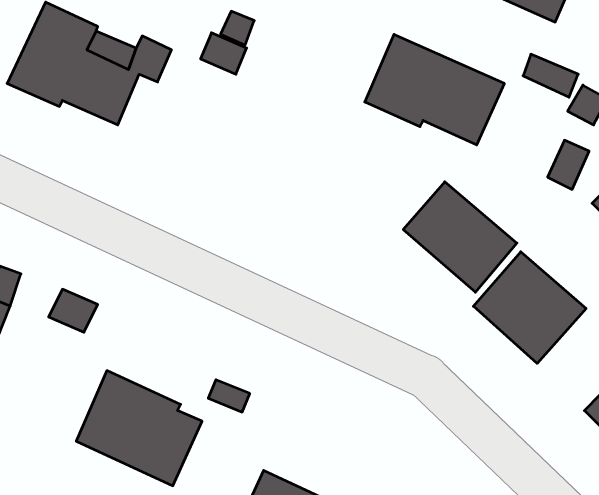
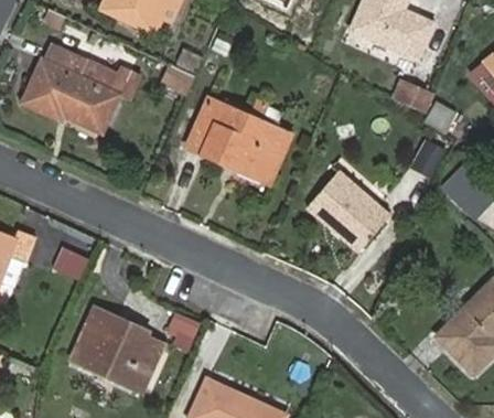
building: [365,34,504,145] -> [187,98,288,178]
building: [473,252,586,363] -> none

